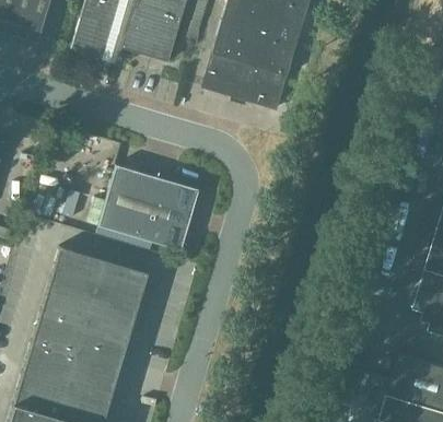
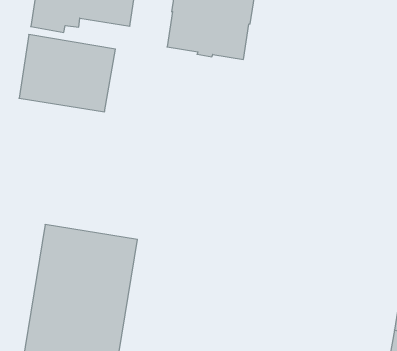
building: [100,165,200,250] -> [19,35,115,112]

